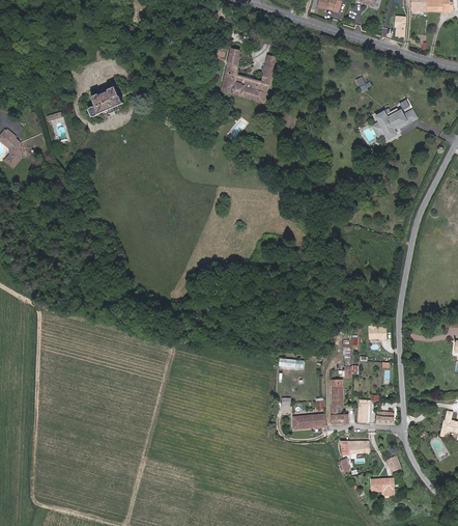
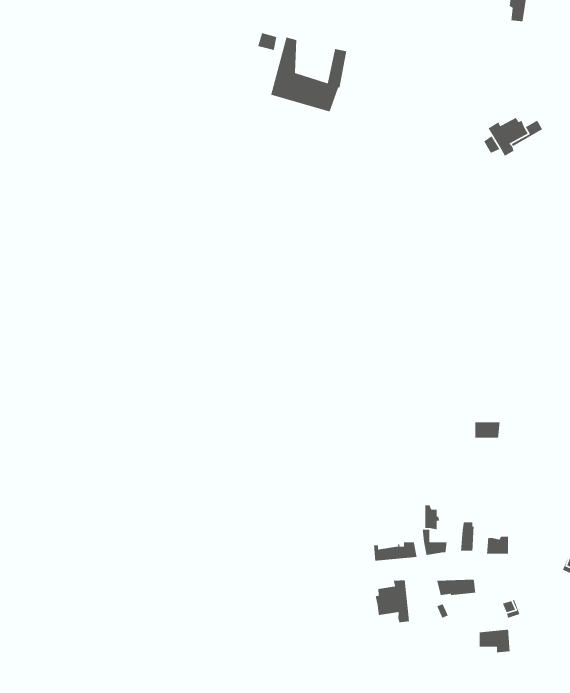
building: [88,86,122,115] -> none
building: none -> [375,579,410,623]

